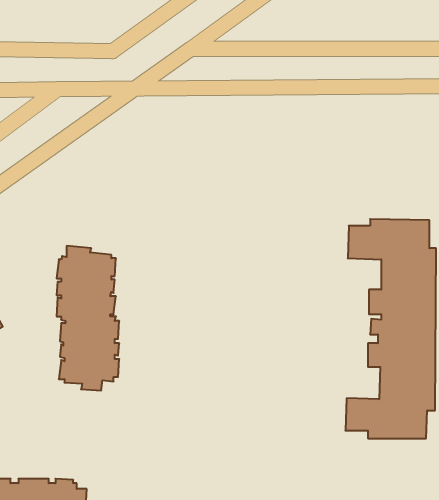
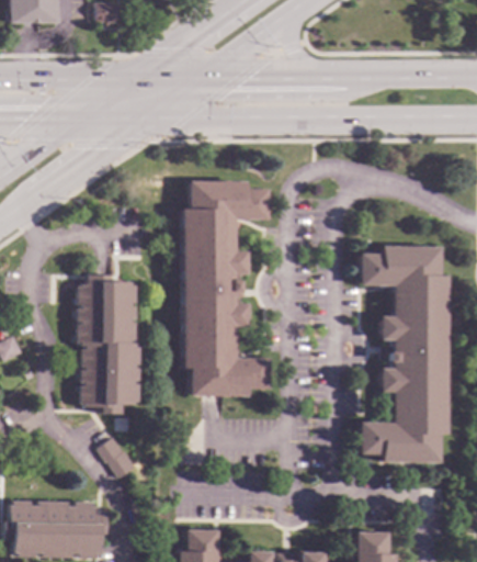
building: none -> [184,182,270,396]
building: none -> [100,438,138,479]

